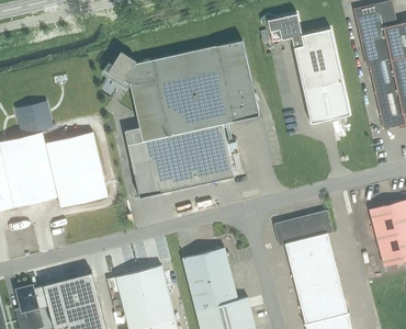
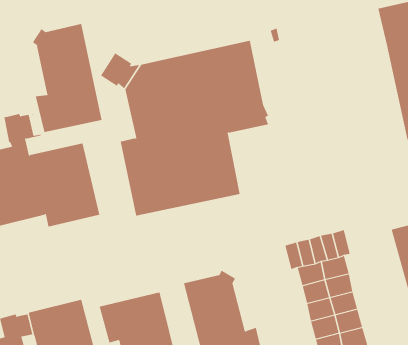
building: [262,13,350,123] -> none
building: none -> [32,23,102,133]

